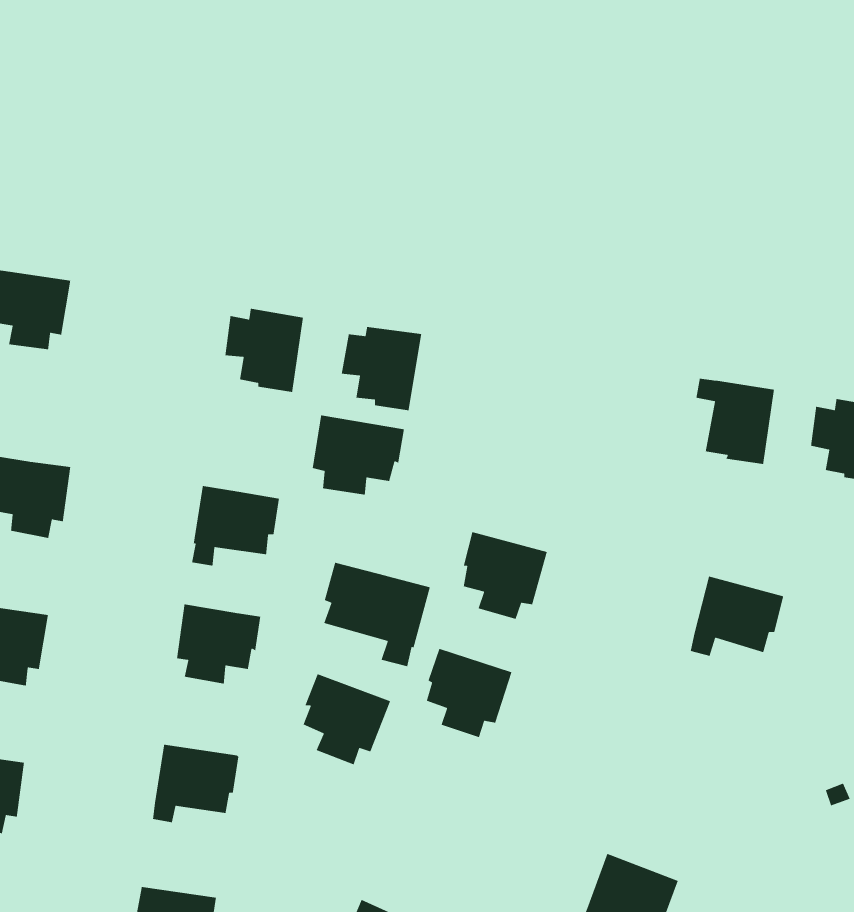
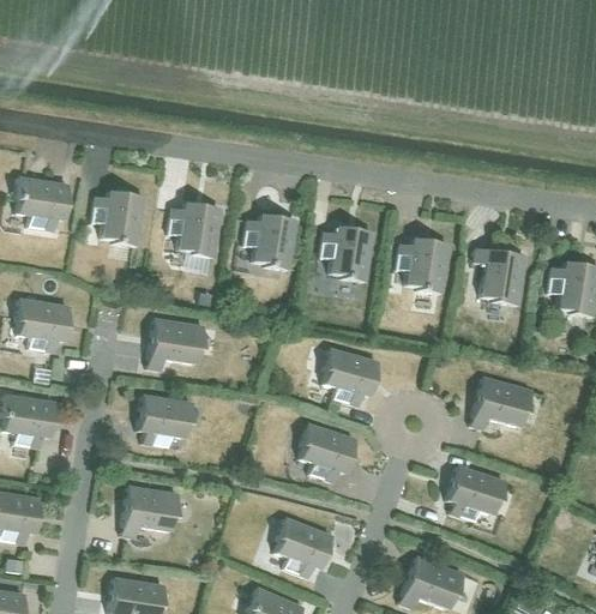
building: none -> [92,191,145,246]
building: none -> [321,227,373,282]
building: none -> [397,237,450,294]
building: [312,415,405,495] -> none
building: [323,562,431,667] -> none
building: [302,673,391,765] -> [276,518,333,578]
building: none -> [447,465,506,522]

